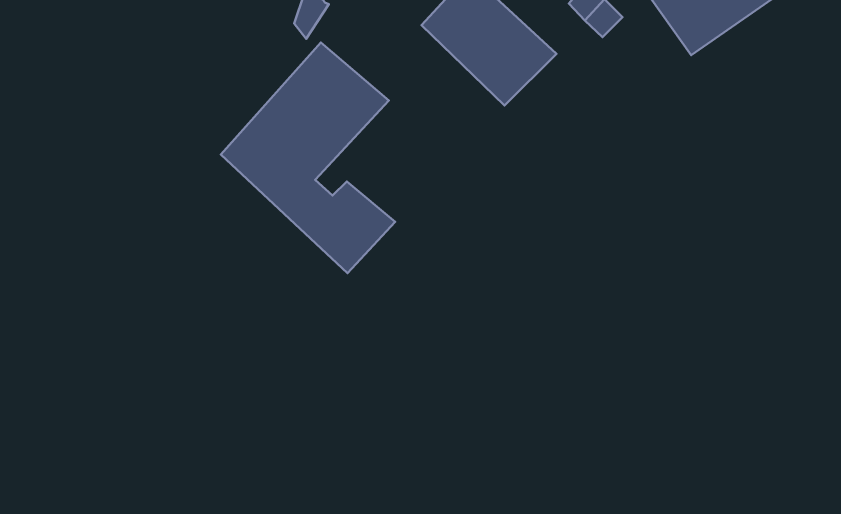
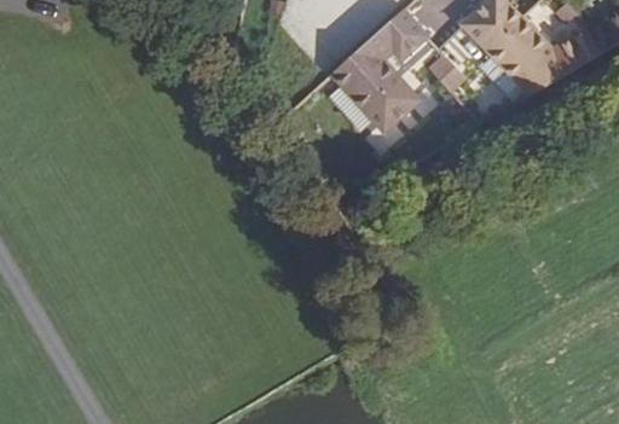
building: [221,43,395,273] -> none

